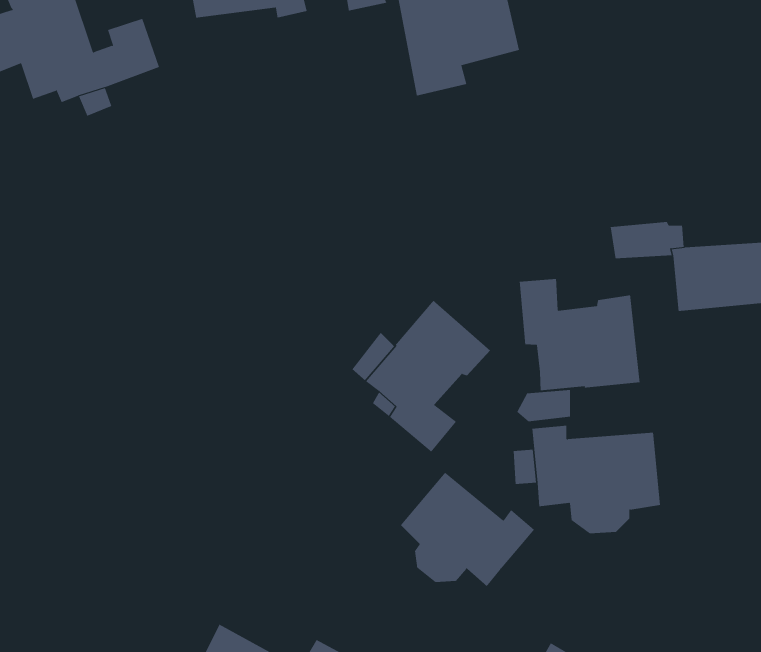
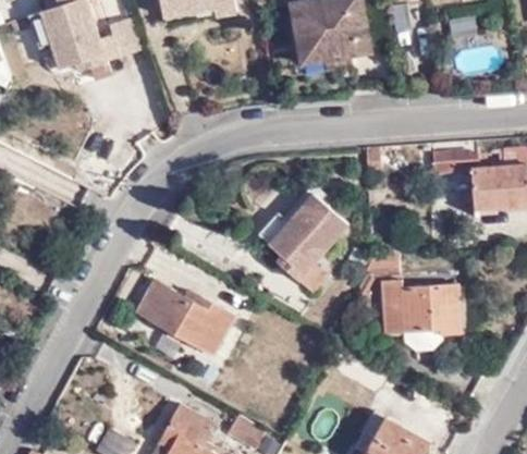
building: [519,278,640,391] -> none
building: none -> [134,286,232,359]
building: [400,472,535,587] -> none

